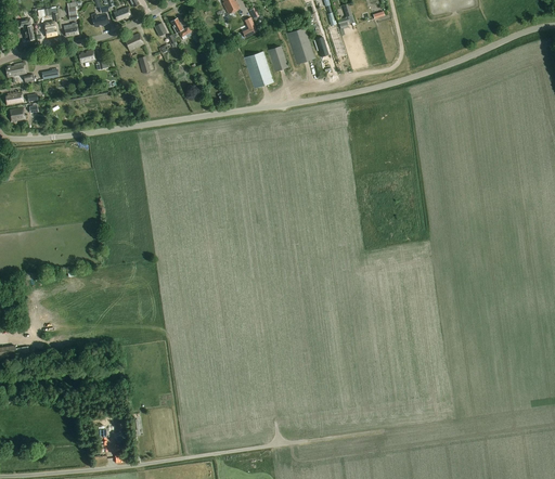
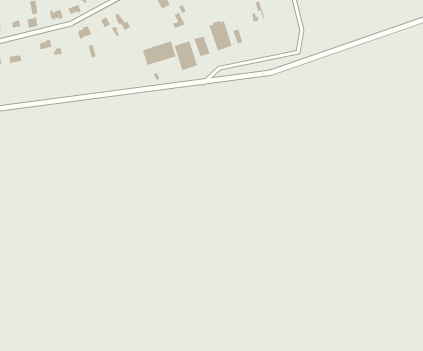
building: none -> [142,41,176,66]

